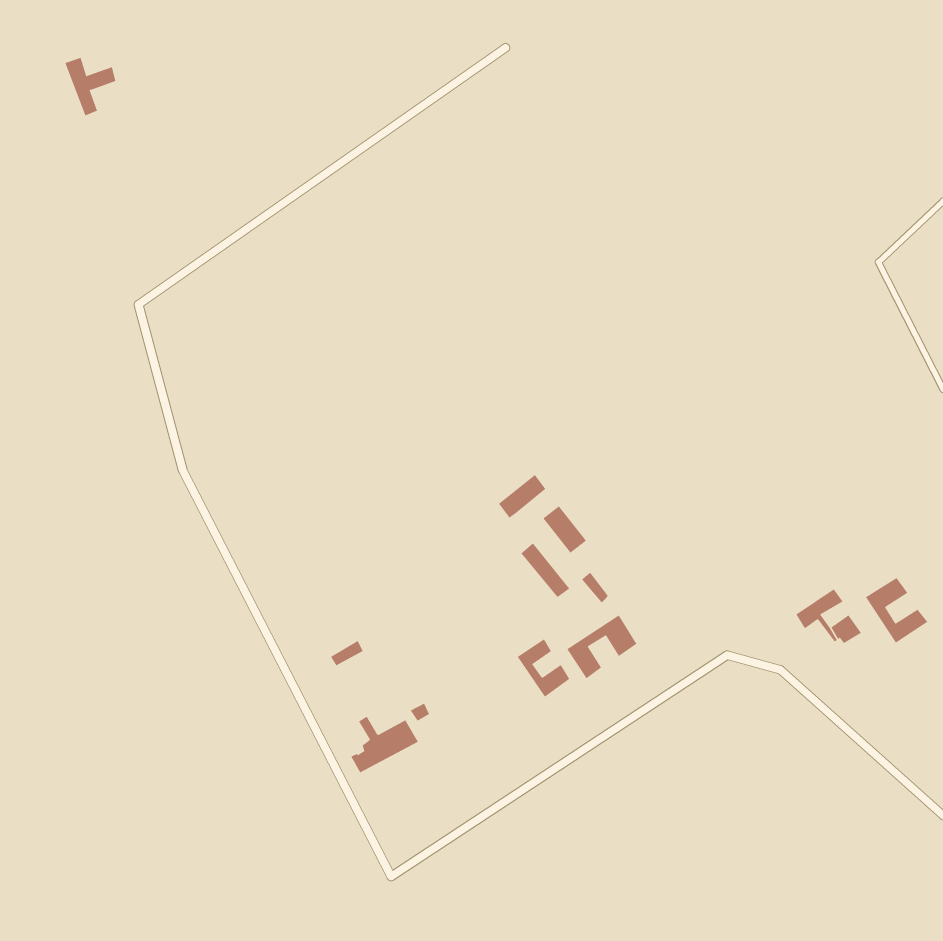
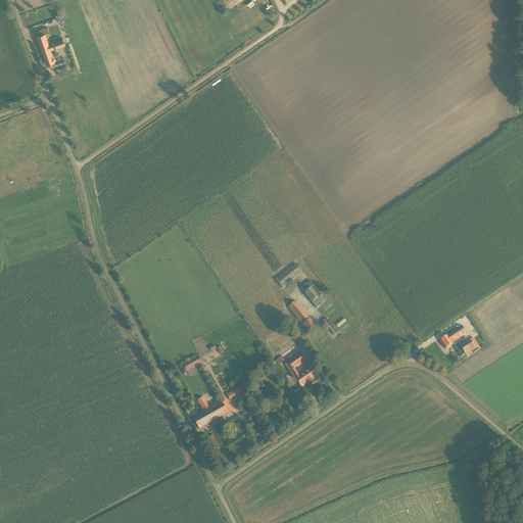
building: [865,577,928,644] -> none
building: [566,614,637,679] -> none

